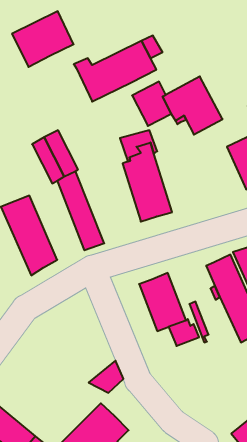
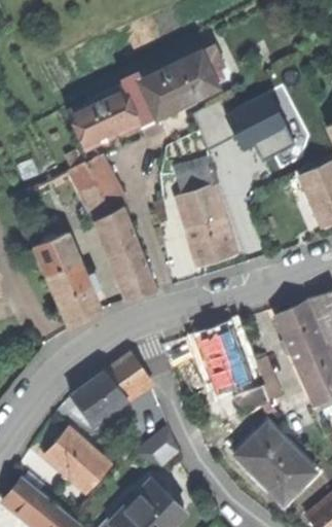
building: [12,11,74,67] -> [68,83,141,149]
building: none -> [72,352,149,423]
building: none -> [232,424,313,502]
building: none -> [44,428,111,494]

